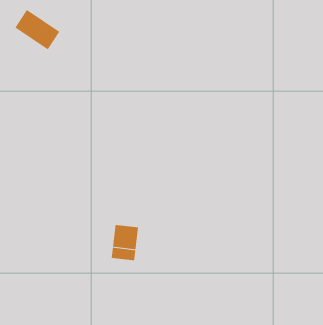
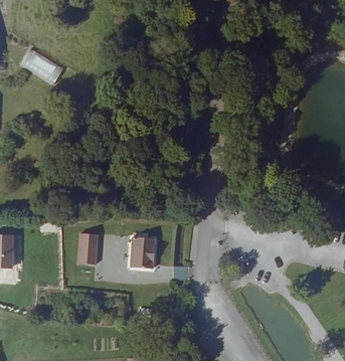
building: none -> [77,235,96,266]

